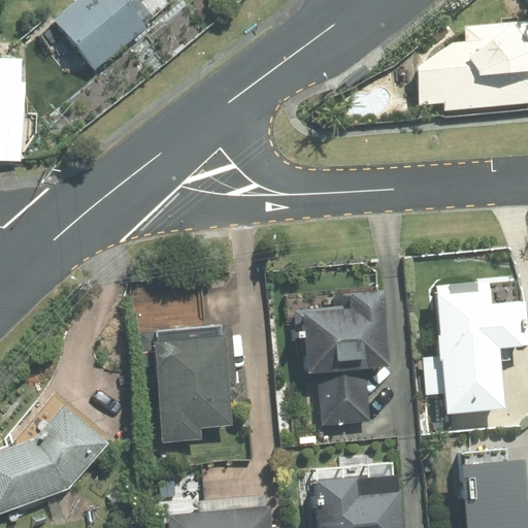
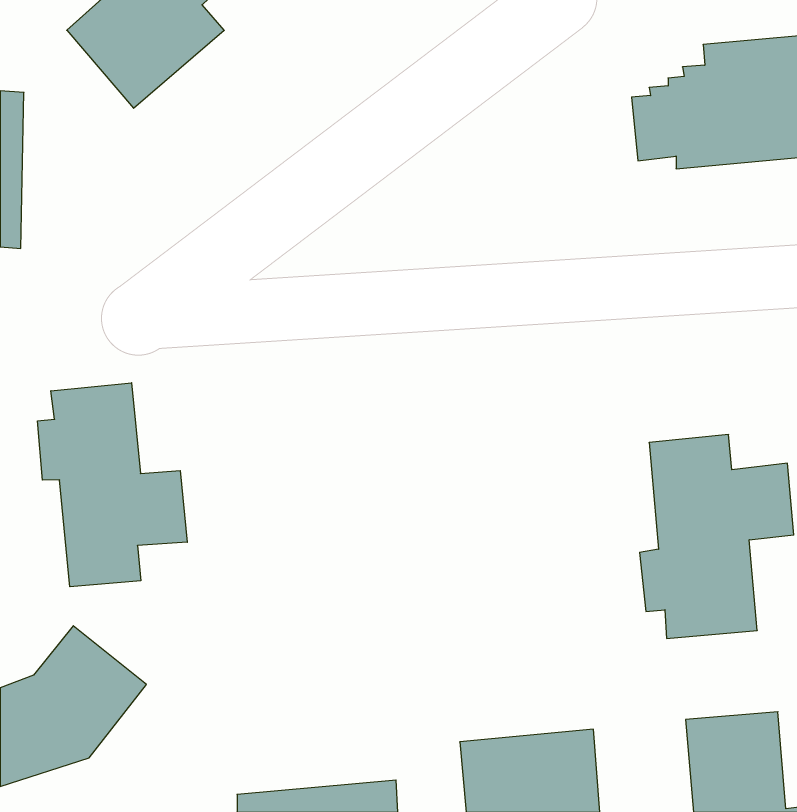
building: none -> [38,383,187,587]
building: [296,291,384,426] -> none
building: [143,327,241,443] -> none

